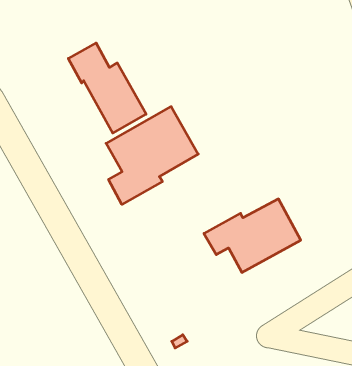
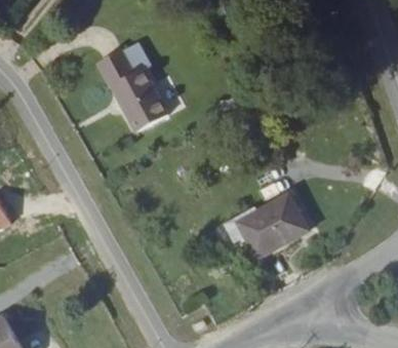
building: [106,107,198,204] -> none

